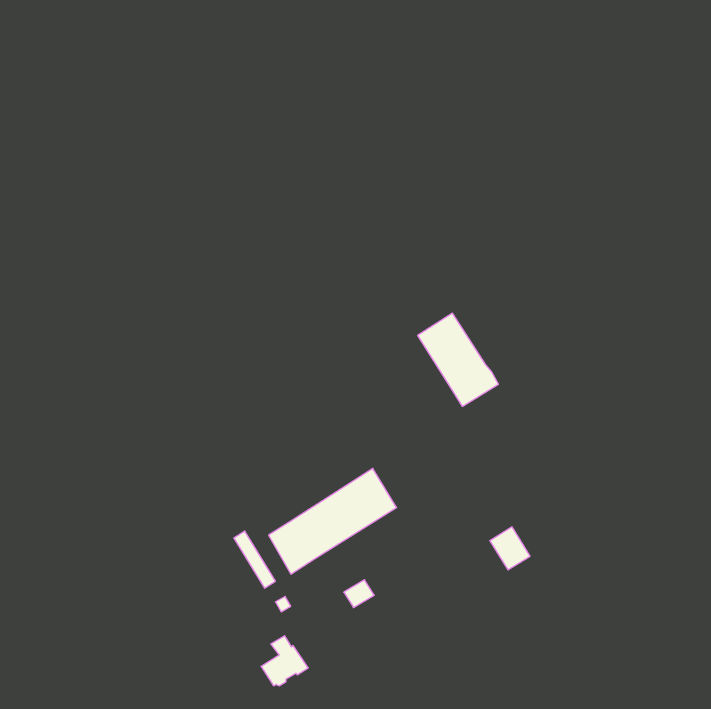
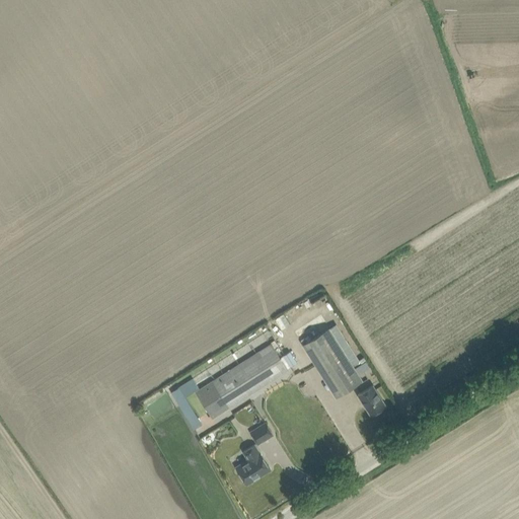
building: [418,313,498,406] -> [303,329,362,397]
building: [261,636,308,686] -> [236,446,271,483]

